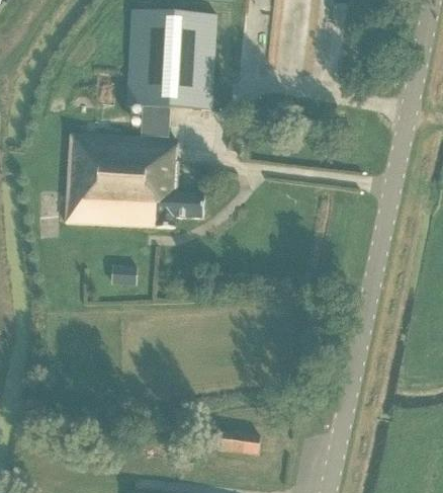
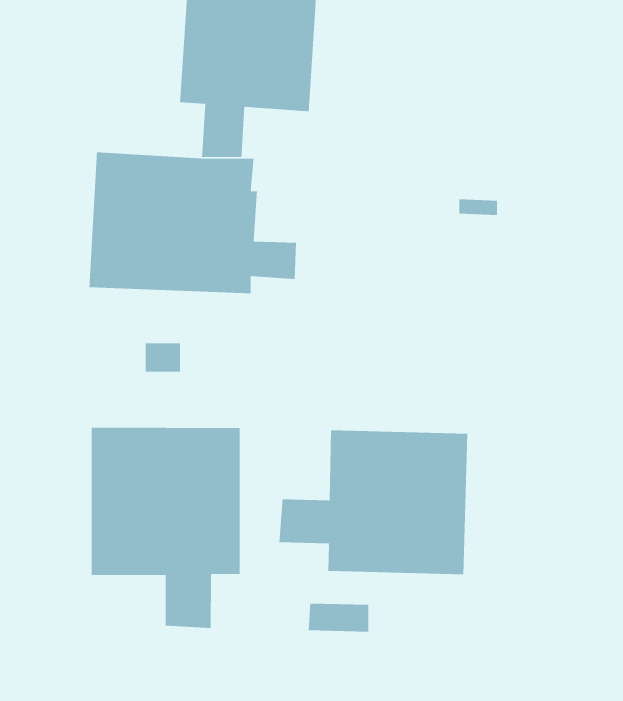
building: none -> [91,427,241,629]
building: none -> [278,430,468,575]

